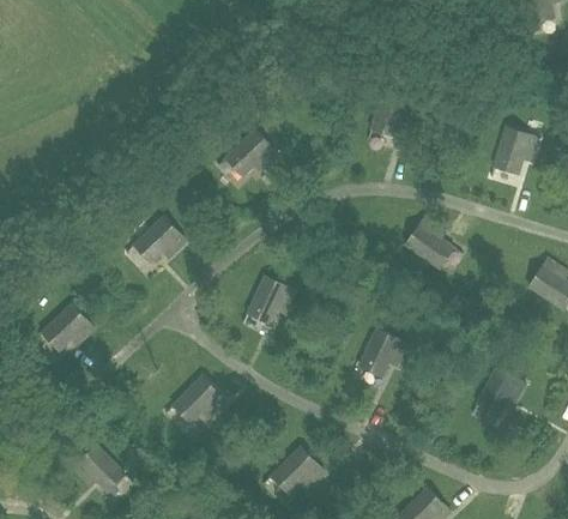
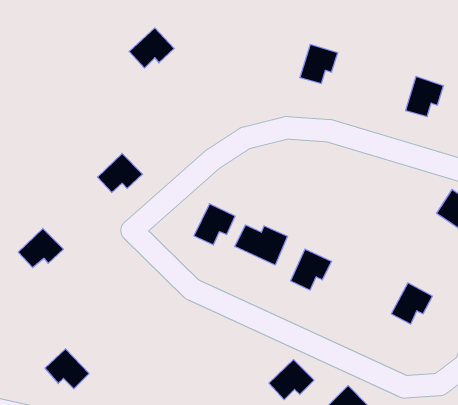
building: [224,131,277,177] -> [129,28,174,68]
building: [404,218,452,270] -> none
building: none -> [235,225,287,265]
building: [171,378,224,424] -> none
building: [270,448,322,495] -> [269,360,314,400]

